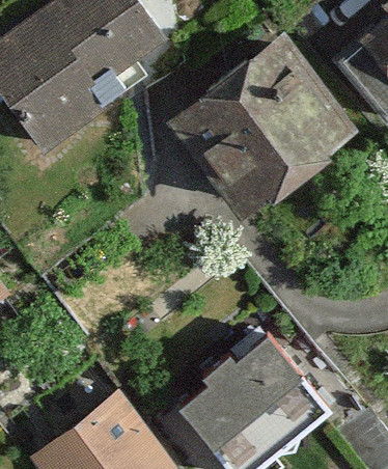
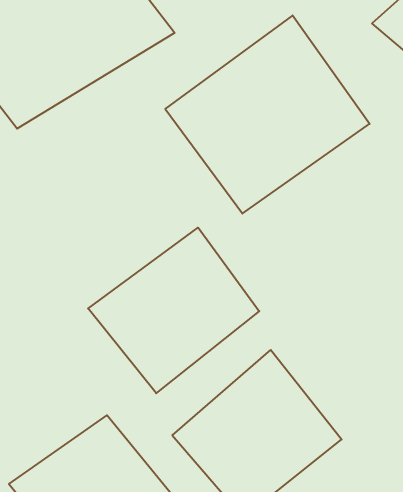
building: none -> [88,228,259,393]

